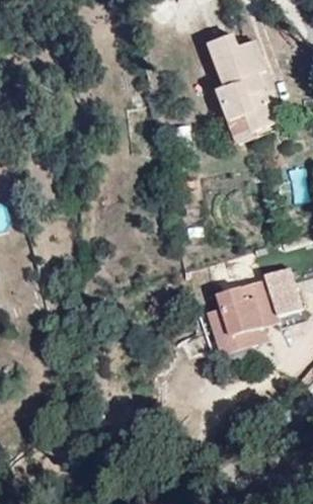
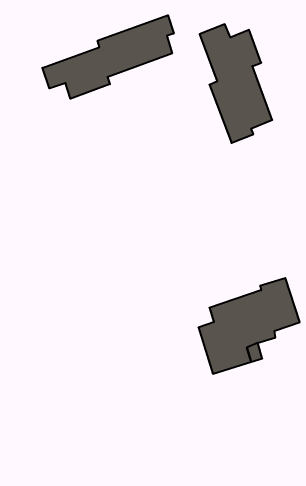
building: none -> [42,15,174,99]

